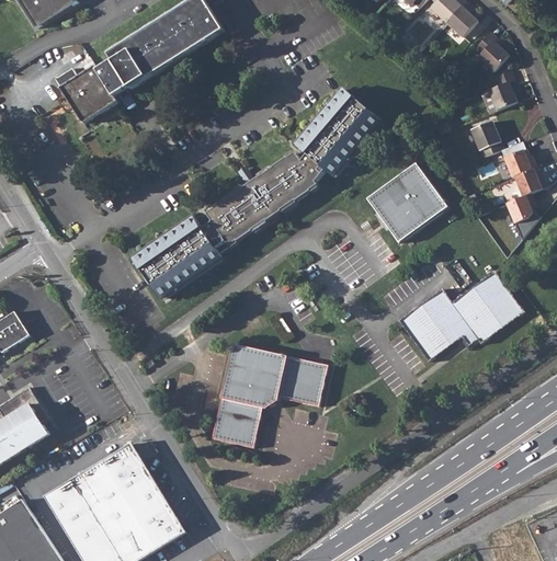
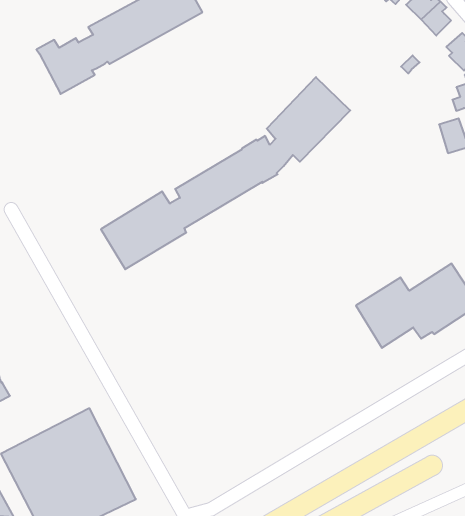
building: [366,162,448,242] -> none
building: [213,344,329,448] -> none

